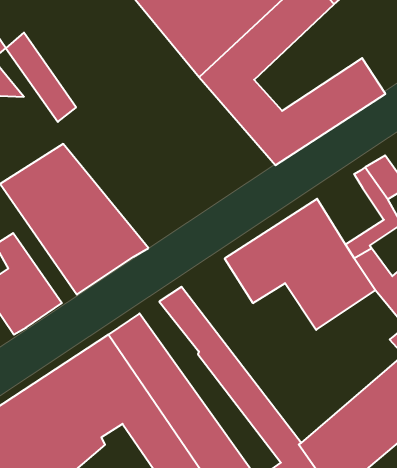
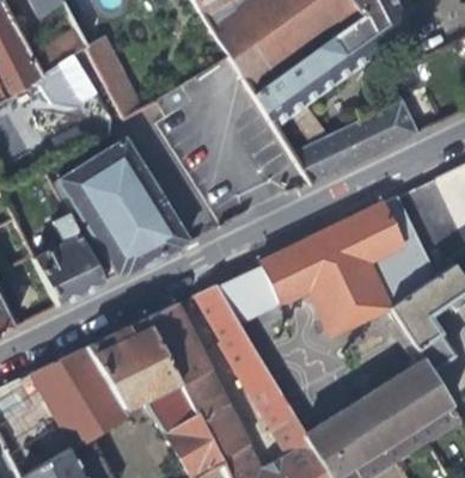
building: none -> [348,206,405,263]
building: none -> [216,262,279,323]

